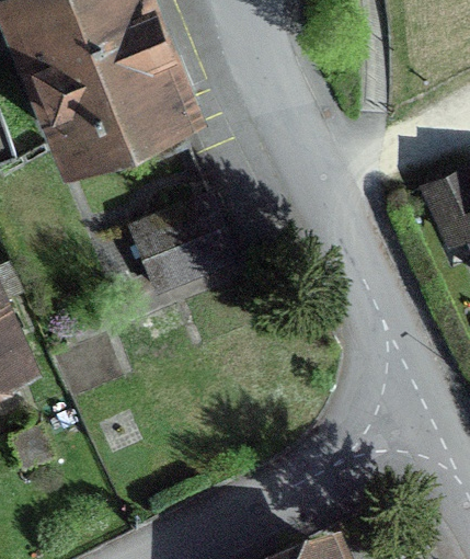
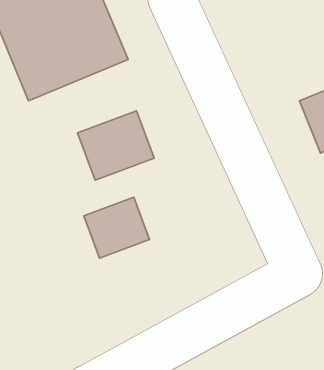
building: none -> [84,197,150,258]

